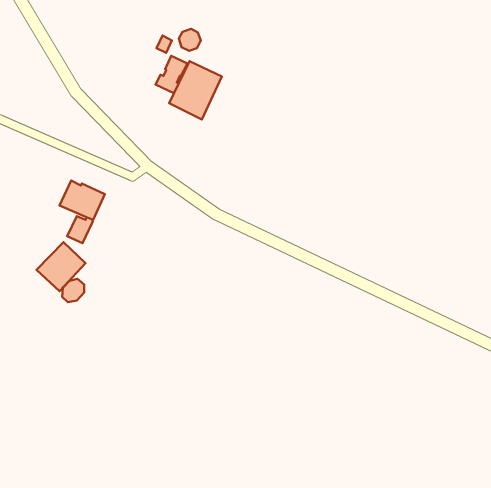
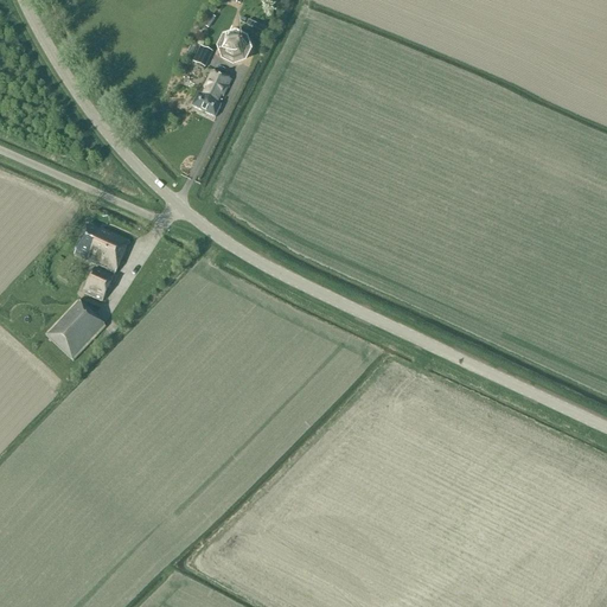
building: [169,61,222,120] -> none
building: [62,279,84,302] -> none

